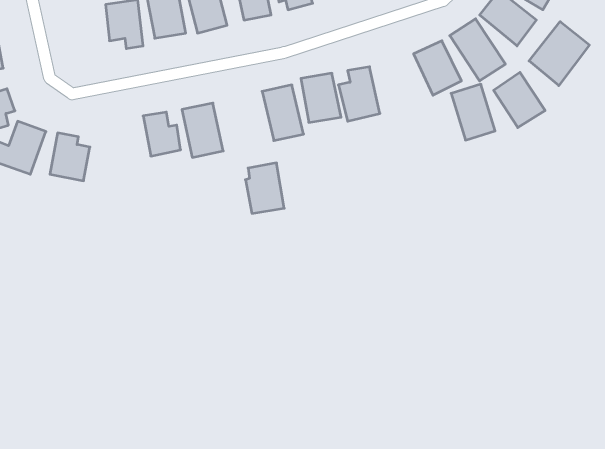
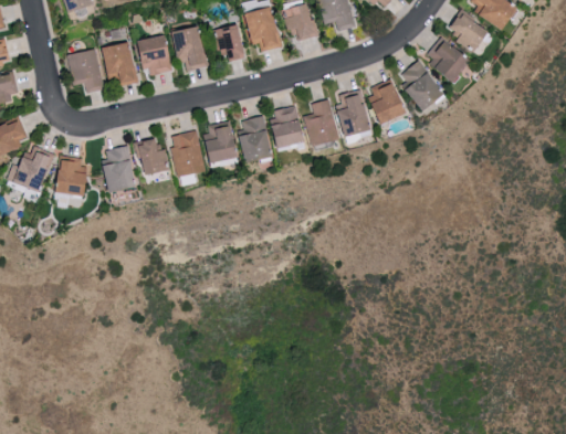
building: none -> [66,49,102,92]
building: [529,22,589,86] -> none
building: [494,72,545,128] -> none
building: [451,84,495,140] -> [334,89,371,137]
building: none -> [102,145,135,193]
building: [245,163,284,213] -> [203,119,237,162]

